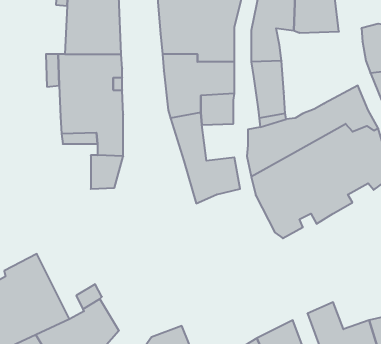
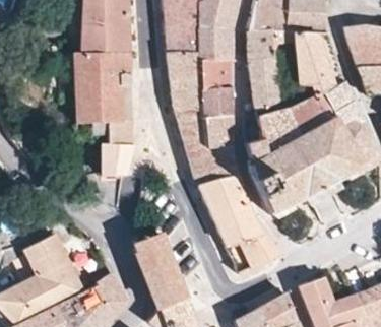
building: none -> [270,28,344,96]
building: none -> [203,115,233,148]
building: none -> [198,174,282,273]
building: none -> [134,232,185,309]

